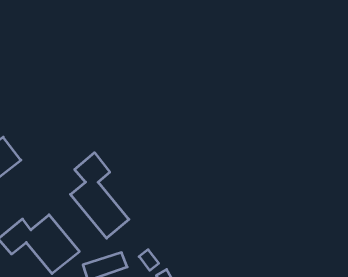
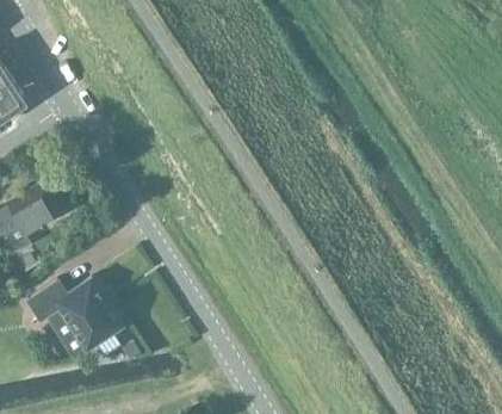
building: [70,153,129,238] -> none

